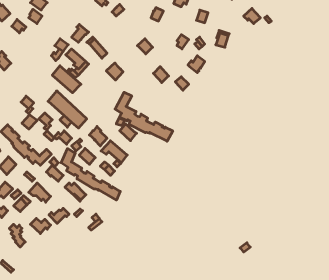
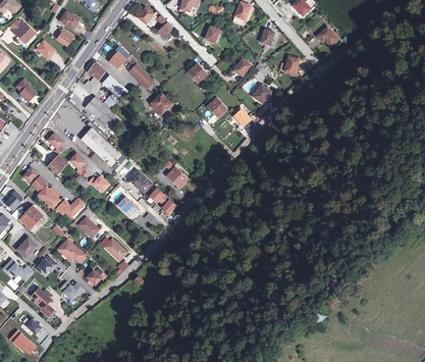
building: [115,92,173,141] -> none
building: [61,149,120,200] -> none

